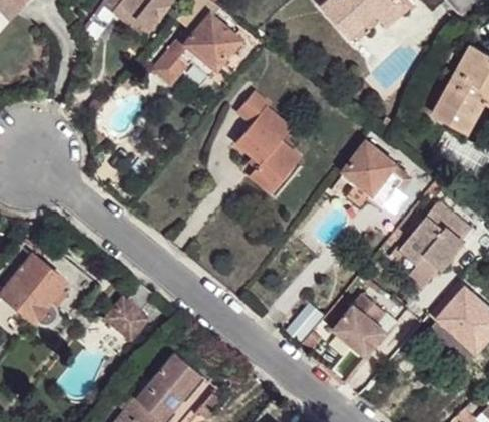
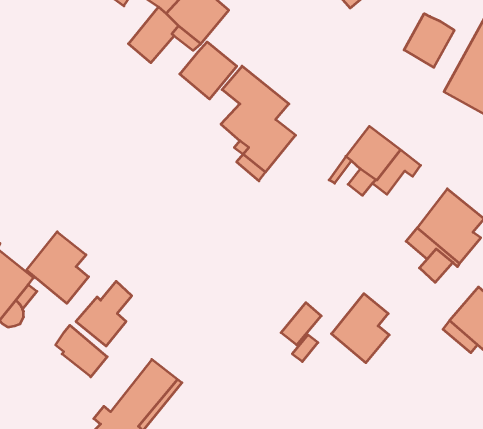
building: none -> [404,14,454,67]
building: none -> [180,42,237,99]
building: none -> [27,232,89,303]
building: none -> [56,325,107,377]

